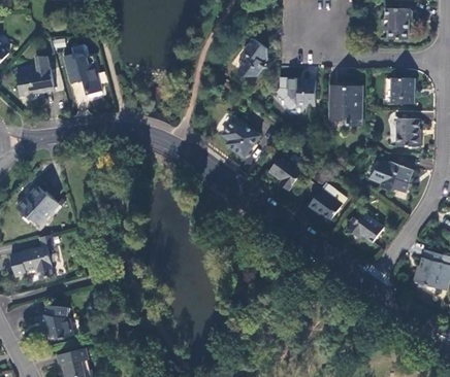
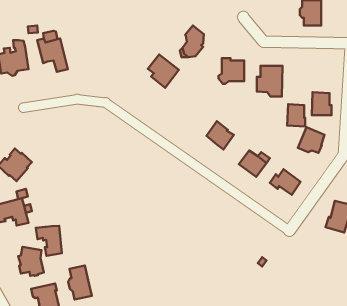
building: [391,77,413,104] -> [287,104,305,126]
building: [221,117,258,158] -> [148,54,179,88]
building: none -> [36,226,62,256]
building: none -> [68,265,92,300]

